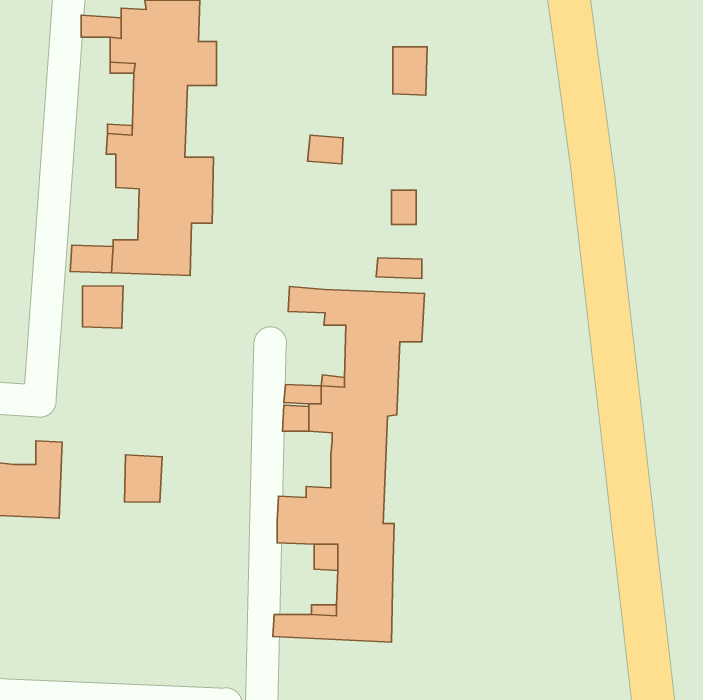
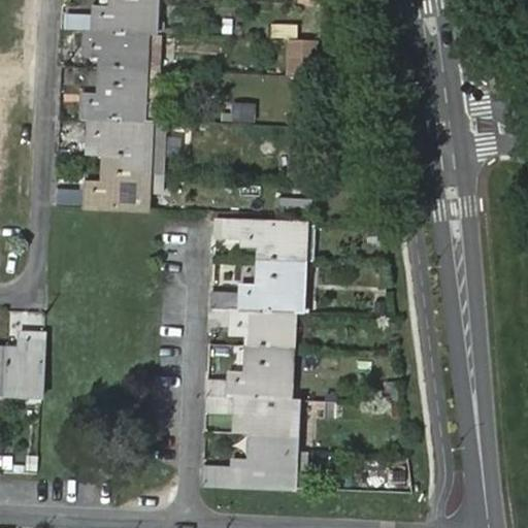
building: [82,286,123,328] -> none
building: [125,455,162,502] -> none

